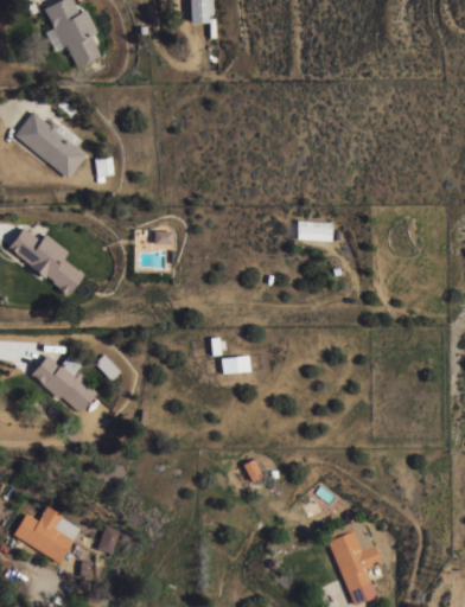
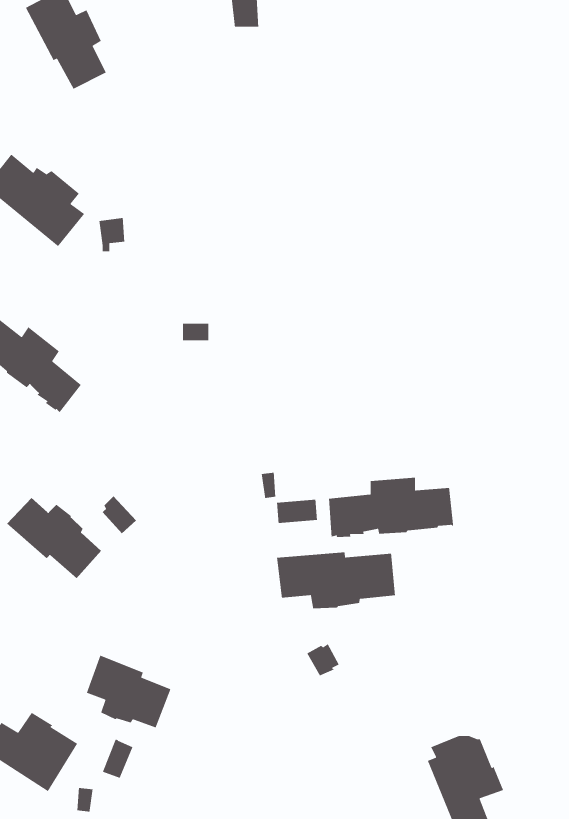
building: [297,221,333,242] -> none
building: none -> [328,477,454,538]
building: none -> [276,551,396,609]
building: none -> [86,655,172,728]

